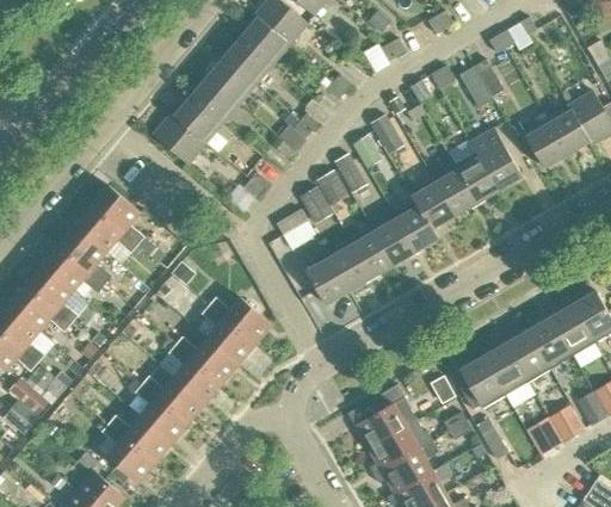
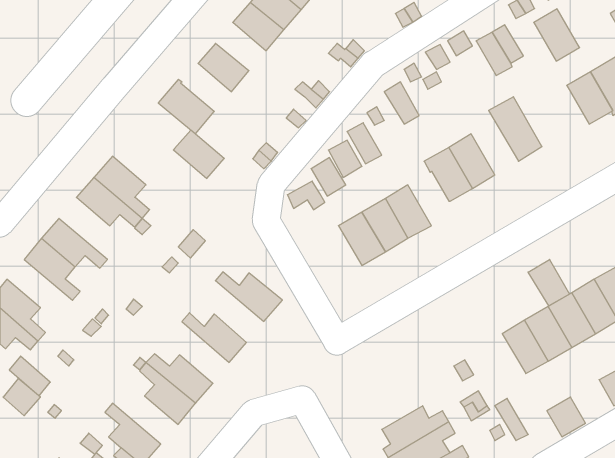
building: [208,56,257,103] -> none
building: [174,95,223,142] -> [173,130,224,178]
building: [523,117,567,167] -> [534,9,580,61]
building: [453,141,499,203] -> none
building: [393,199,439,252] -> none
building: [57,224,111,284] -> none
building: [303,252,348,304] -> none
building: [7,284,70,332] -> none
building: none -> [528,259,570,306]
building: [202,304,254,364] -> none
building: [168,344,221,403] -> none
building: [453,355,506,408] -> none
building: [354,383,411,447] -> none
building: [549,403,585,441] -> none
building: [109,414,172,462] -> none

